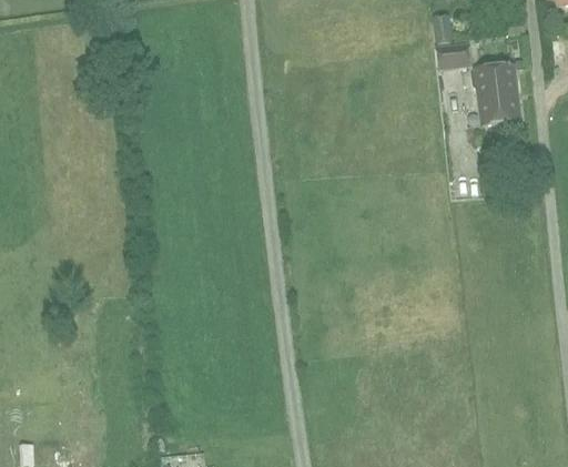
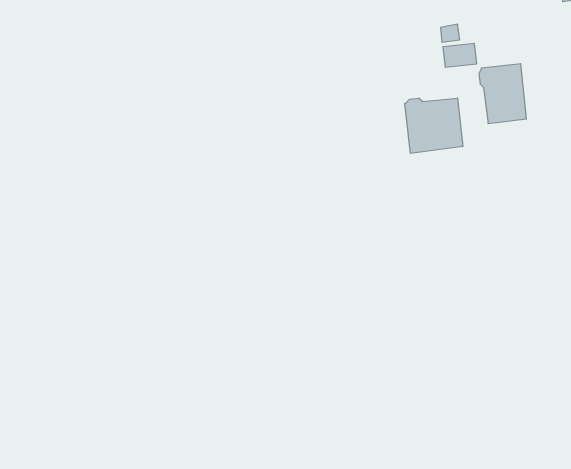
building: none -> [405,98,463,153]

